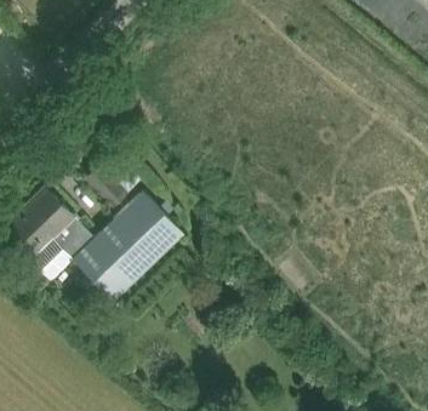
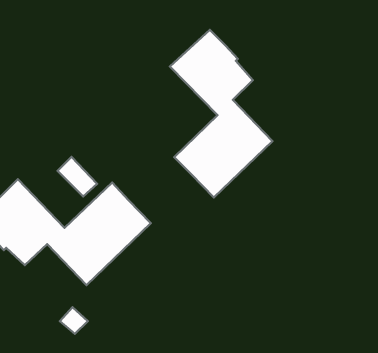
building: none -> [170,30,272,197]

